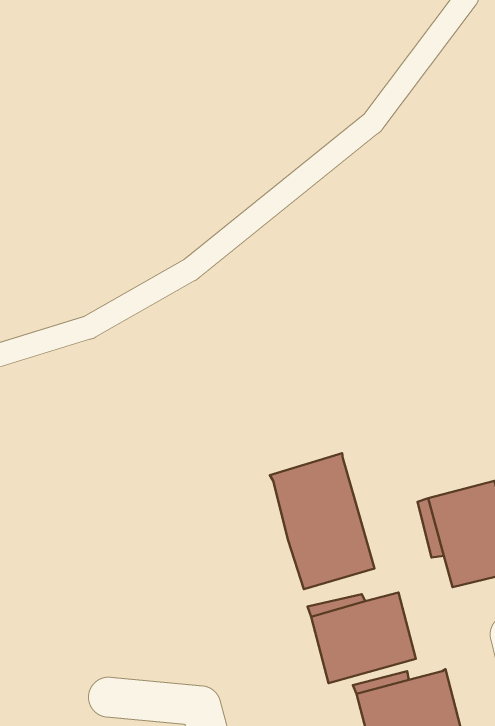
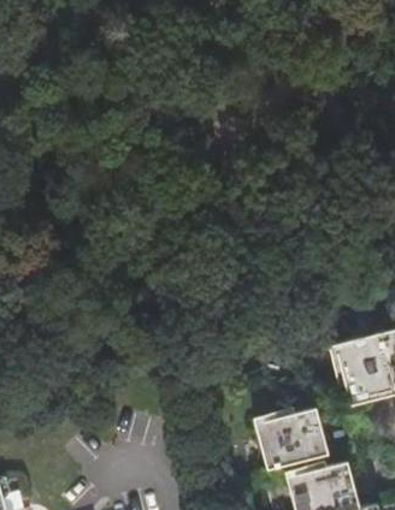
building: [270,453,374,589] -> none

